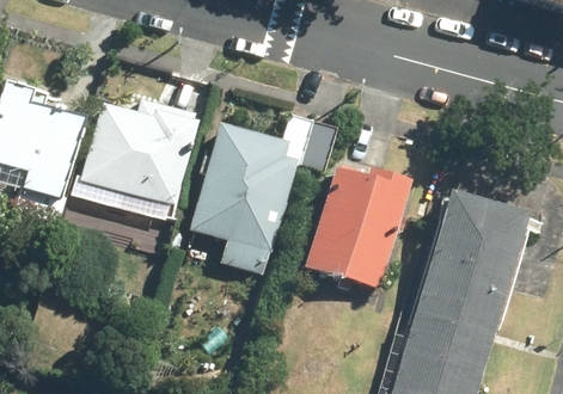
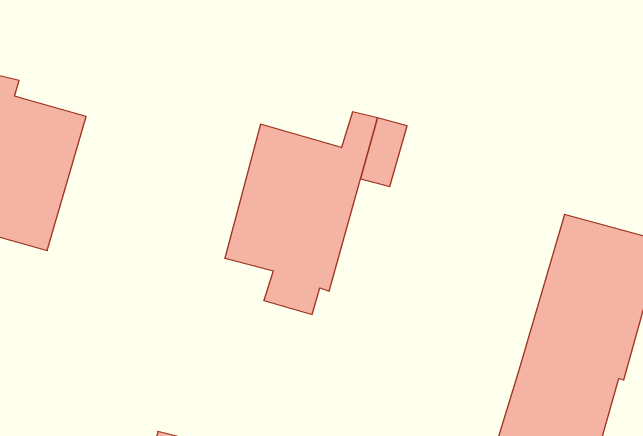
building: [80,98,196,218] -> none
building: [308,168,412,285] -> none

